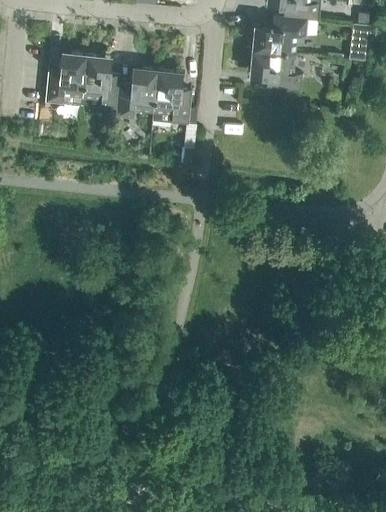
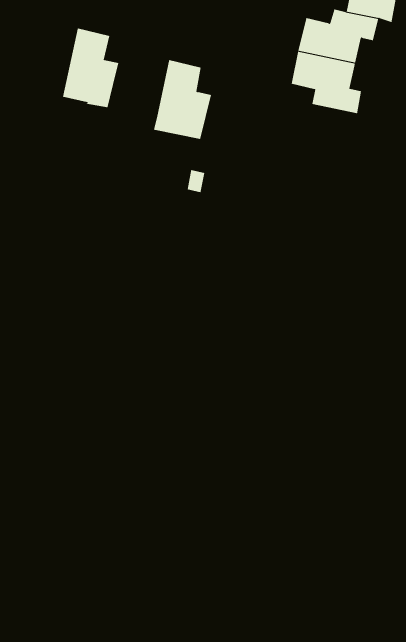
building: [45,50,87,105] -> none
building: [116,66,157,119] -> none

